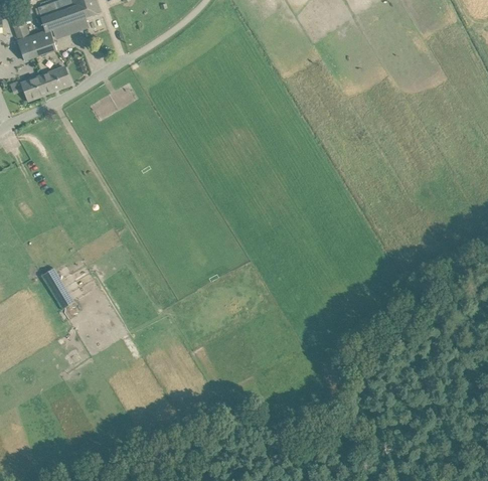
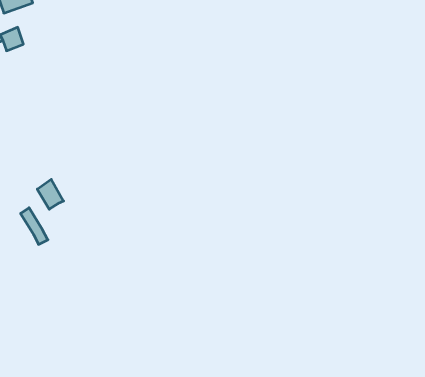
building: [40,66,72,94] -> none
building: none -> [37,179,64,209]

